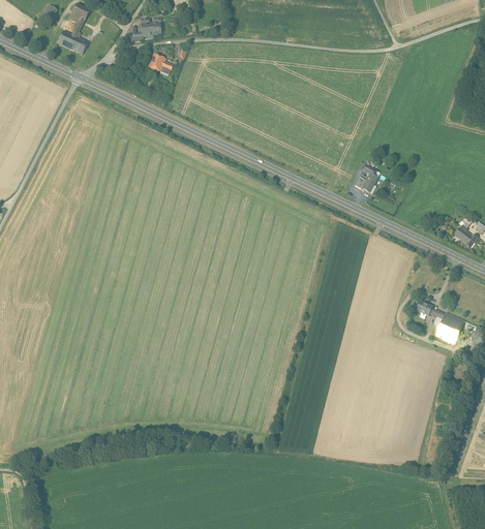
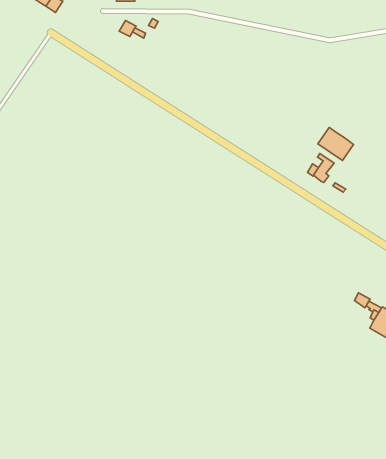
building: none -> [318,128,354,161]

